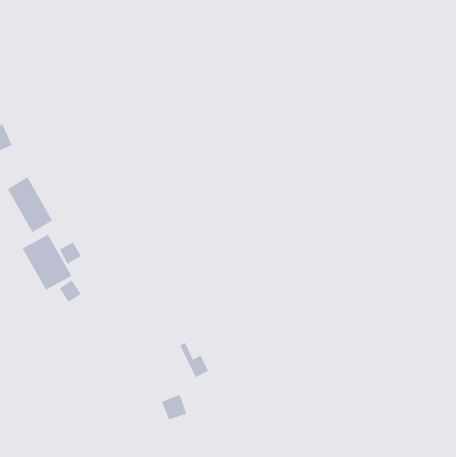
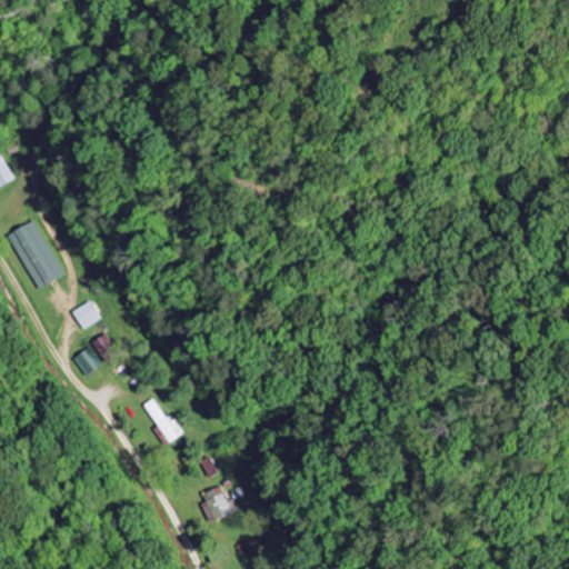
building: [22,234,72,291] -> none
building: [179,342,209,378] -> [147,398,183,442]

